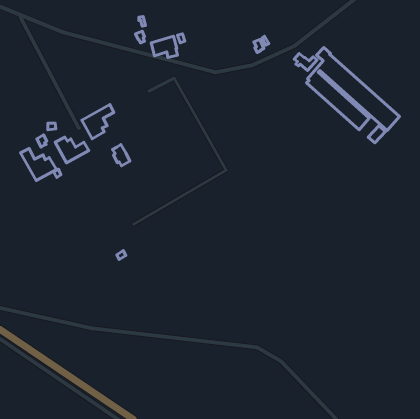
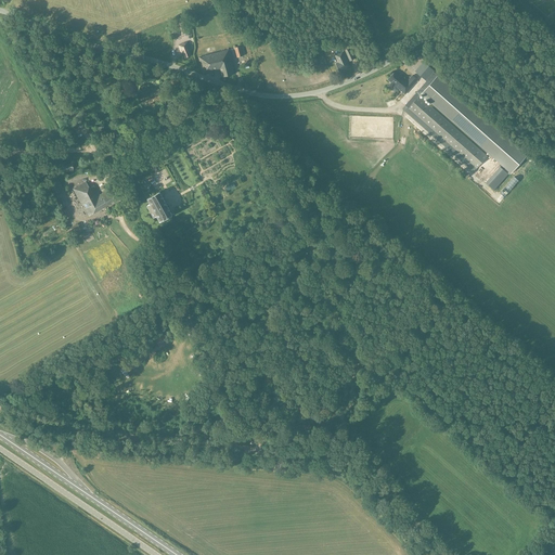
building: [82,105,114,139] -> none
building: [21,149,56,181] -> none

